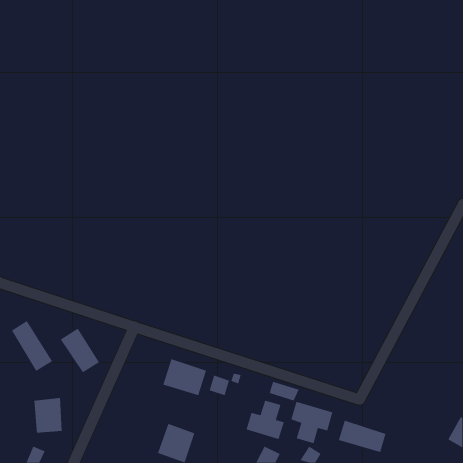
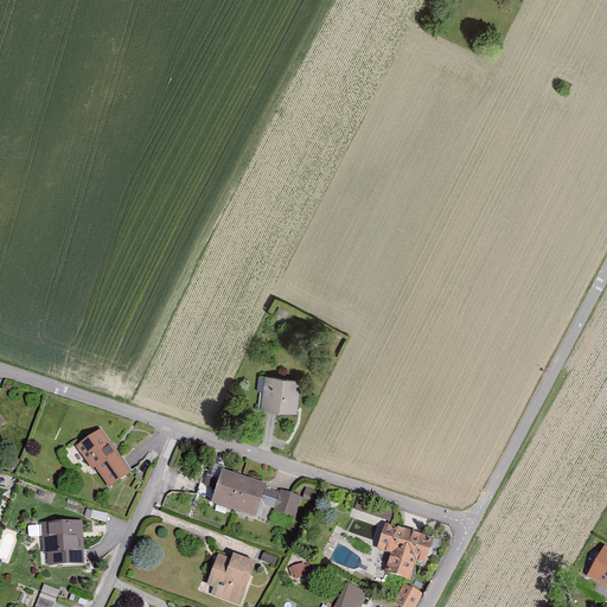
building: none -> [262,376,299,410]
building: [11,320,53,372] -> none
building: [246,400,285,440] -> none
building: [338,420,386,453] -> none

